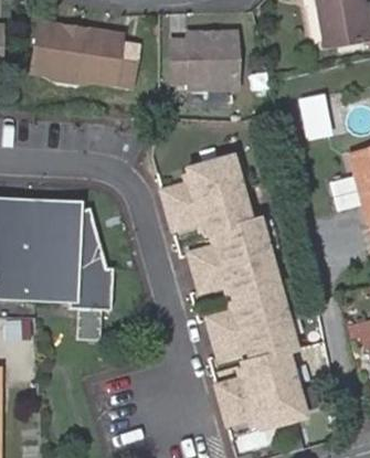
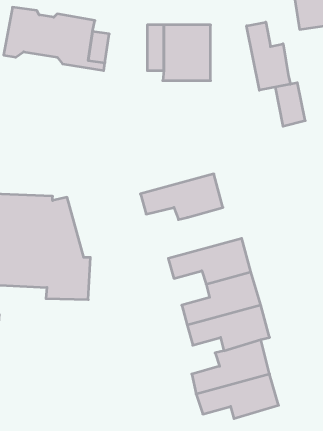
building: none -> [247,22,290,90]
building: [161,152,240,205] -> none
building: [189,215,267,269] -> none

